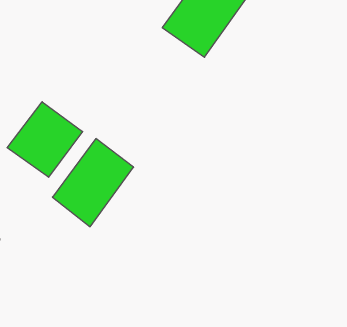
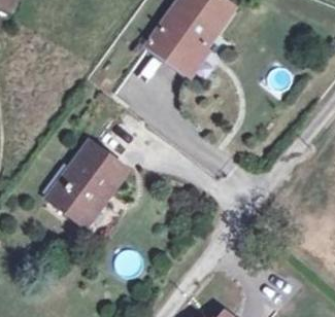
building: [7,102,83,177] -> none

